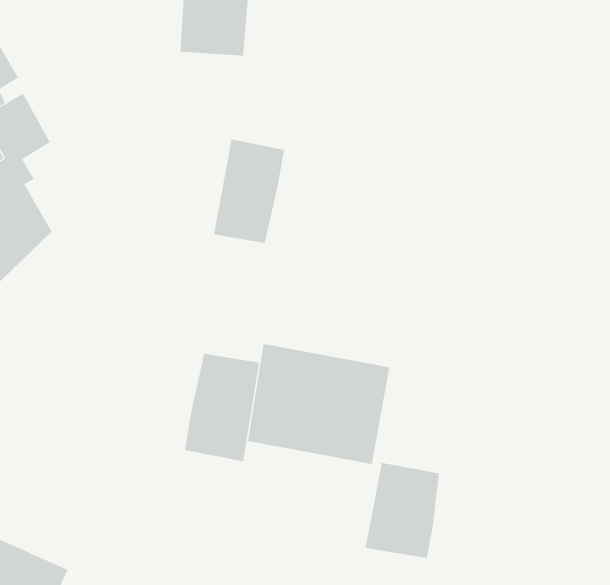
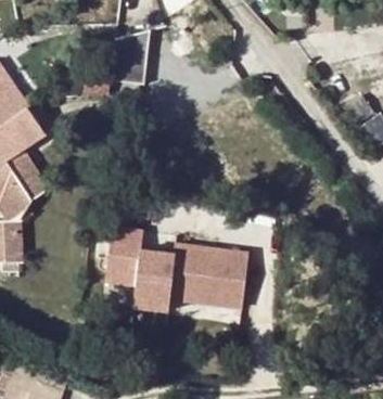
building: [213,139,285,243] -> [104,227,142,285]
building: [365,462,439,559] -> none

